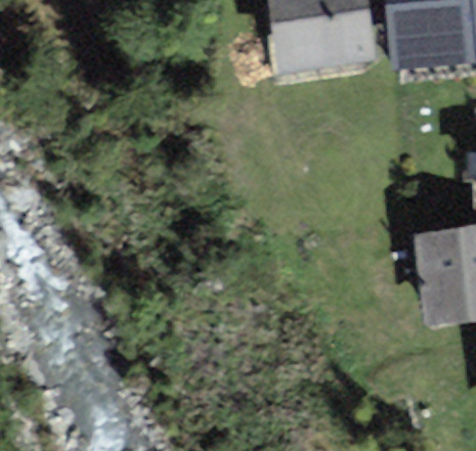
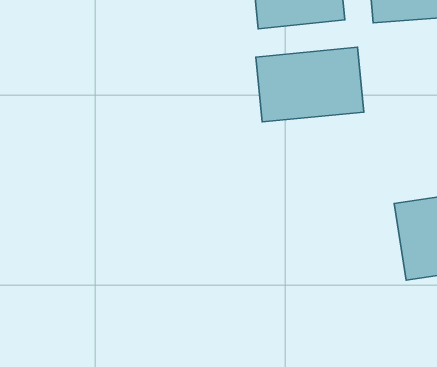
building: none -> [256,47,364,122]

